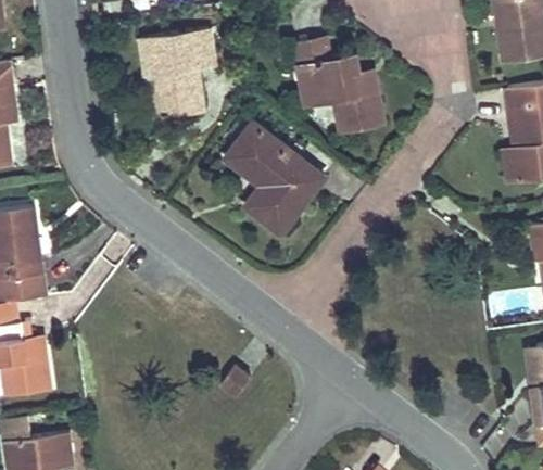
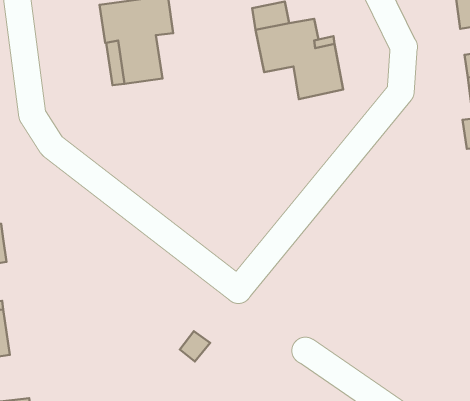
building: [226,123,325,232] -> none

